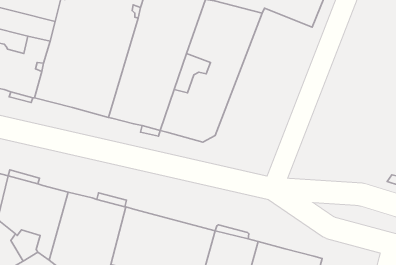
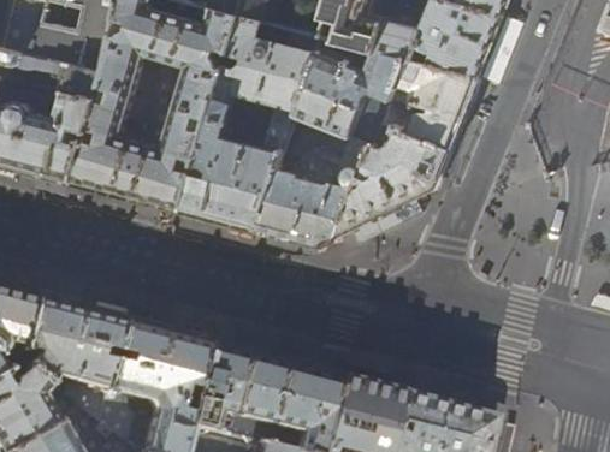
building: none -> [337,48,479,234]

